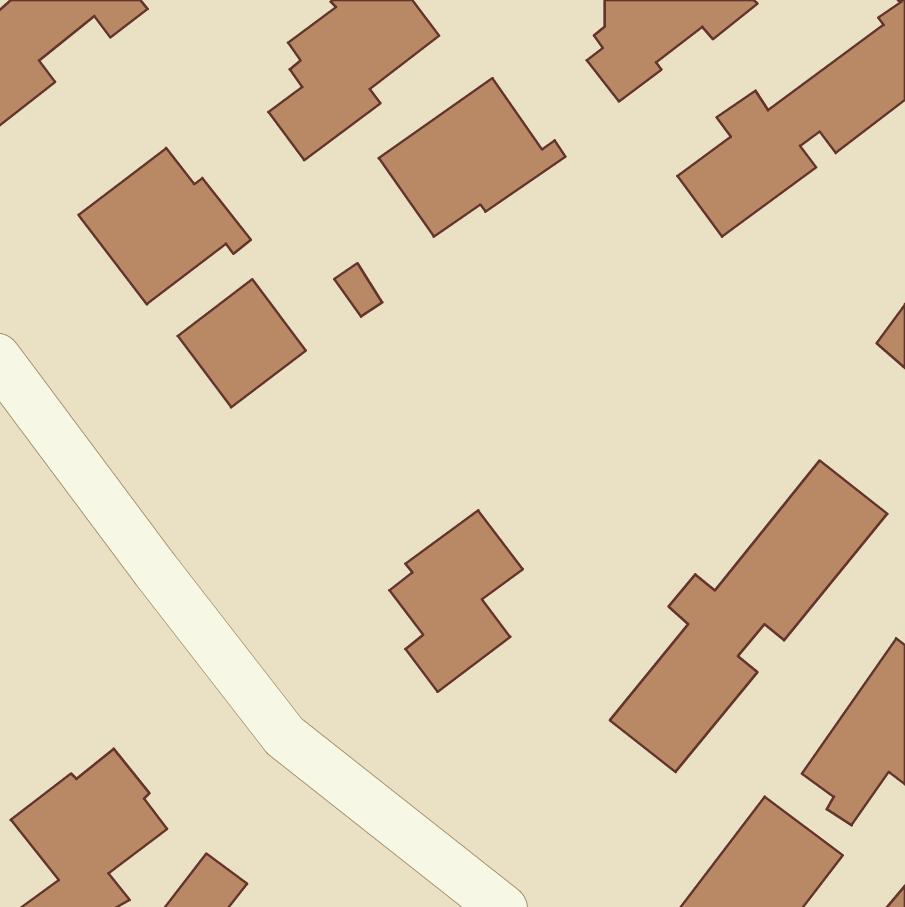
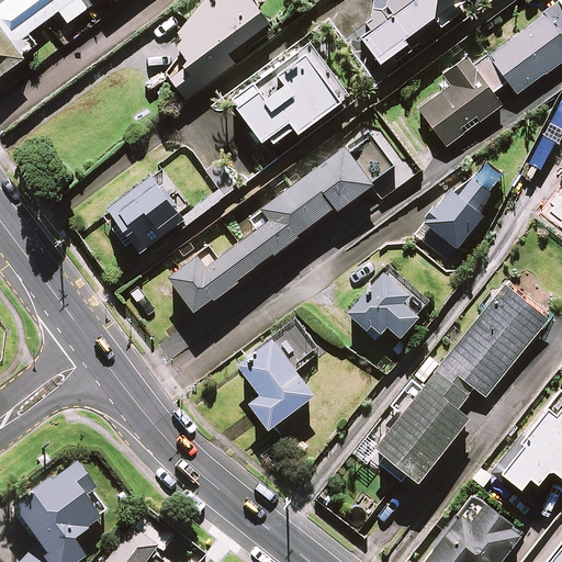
building: [79,148,251,304] -> none
building: none -> [169,132,392,312]
building: none -> [413,164,501,262]
building: none -> [348,270,426,338]

